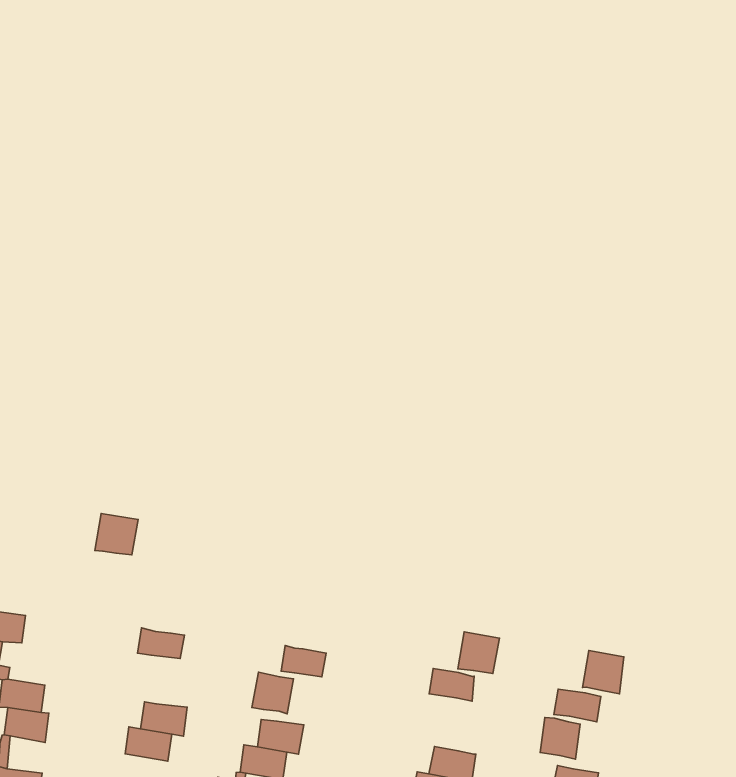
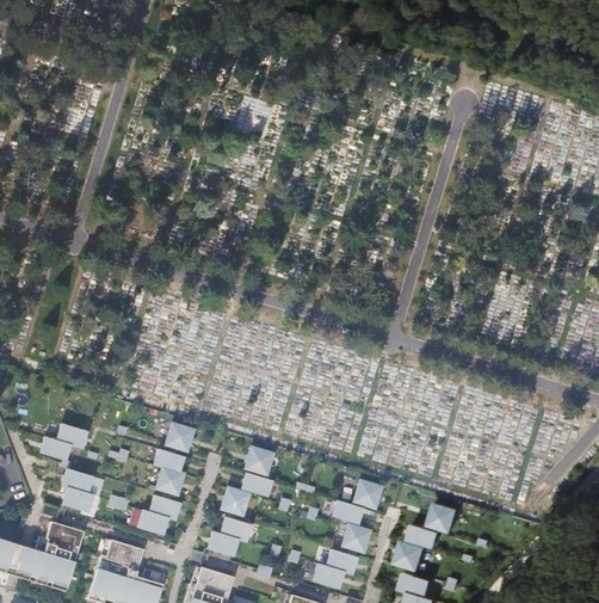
building: [95,513,138,555] -> [165,423,194,451]
building: none -> [245,447,273,475]
building: none -> [156,467,184,496]
building: none -> [341,524,370,553]

